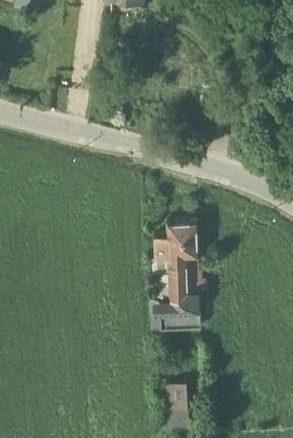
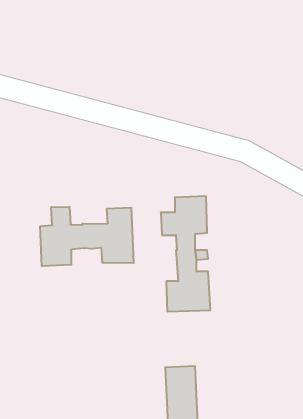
building: none -> [40,207,134,266]

